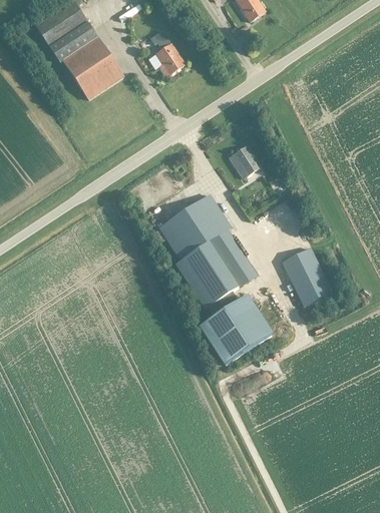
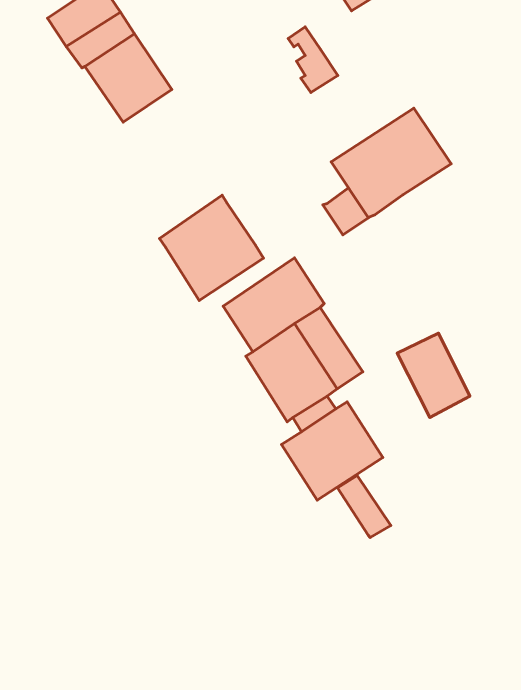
building: [149,29,184,75] -> [288,27,338,93]
building: none -> [331,108,451,217]
building: none -> [159,195,263,301]
building: none -> [337,475,391,538]

